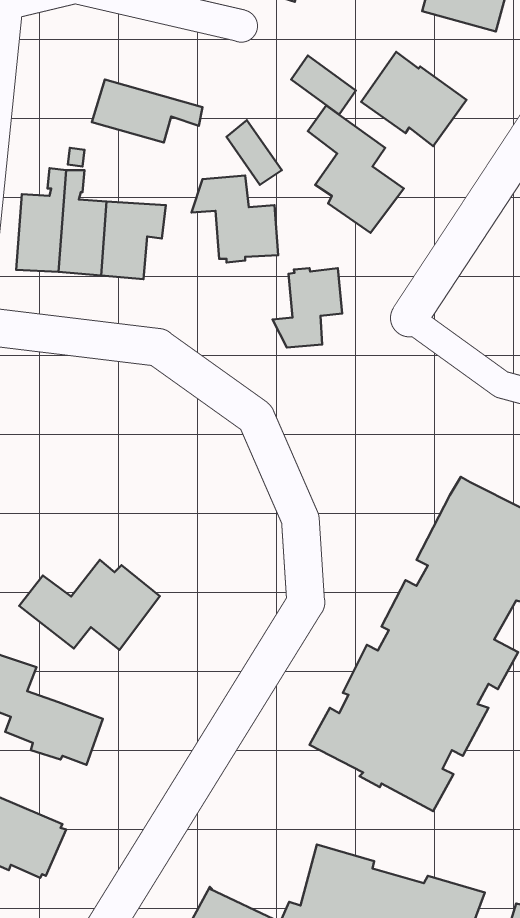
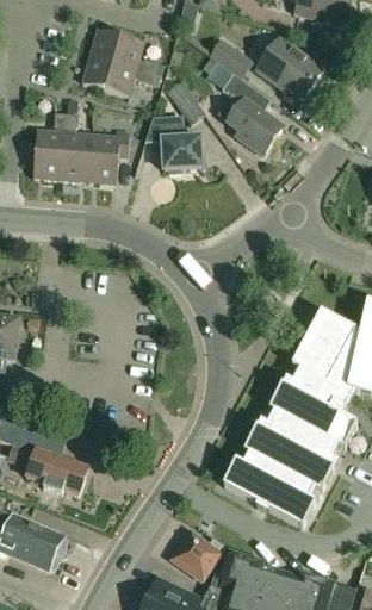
building: none -> [89,29,156,73]
building: [273,268,342,348] -> none
building: [19,560,160,650] -> none
building: none -> [172,531,224,579]

